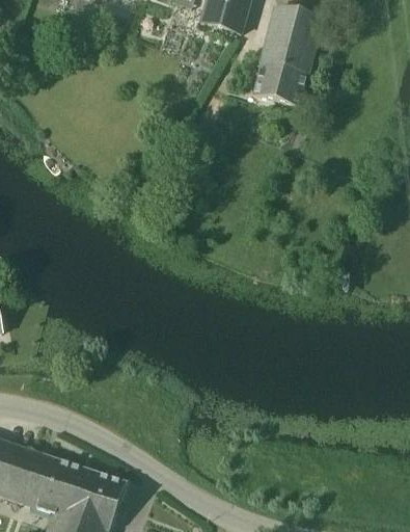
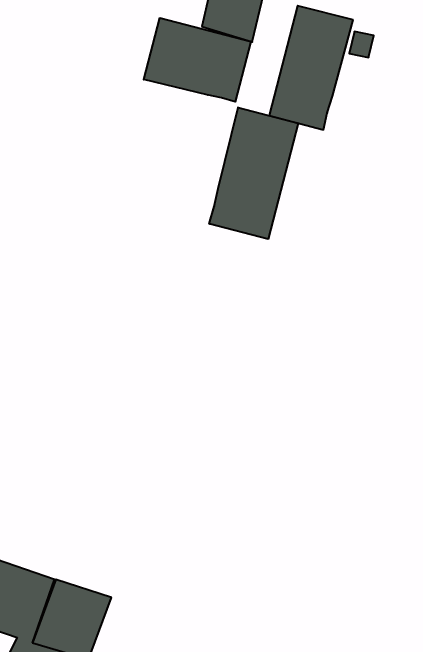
building: none -> [144,18,251,102]
building: none -> [209,107,298,239]

